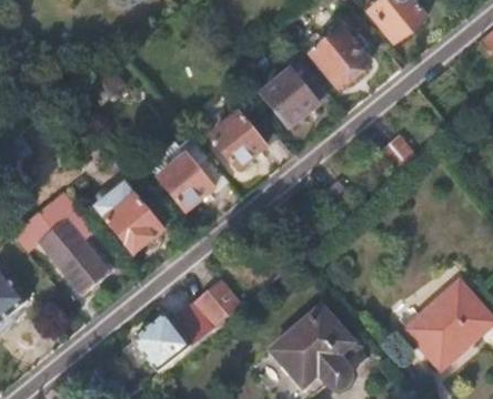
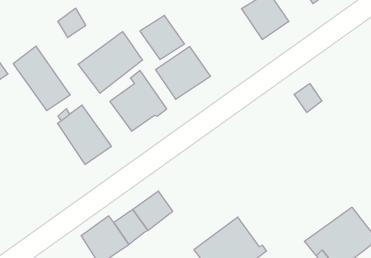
building: [261,70,316,124] -> [140,15,185,60]
building: none -> [78,32,143,93]
building: [37,215,109,293] -> [13,46,70,111]

